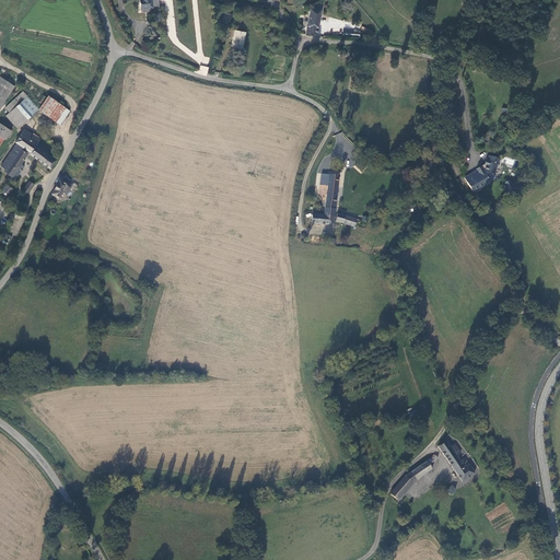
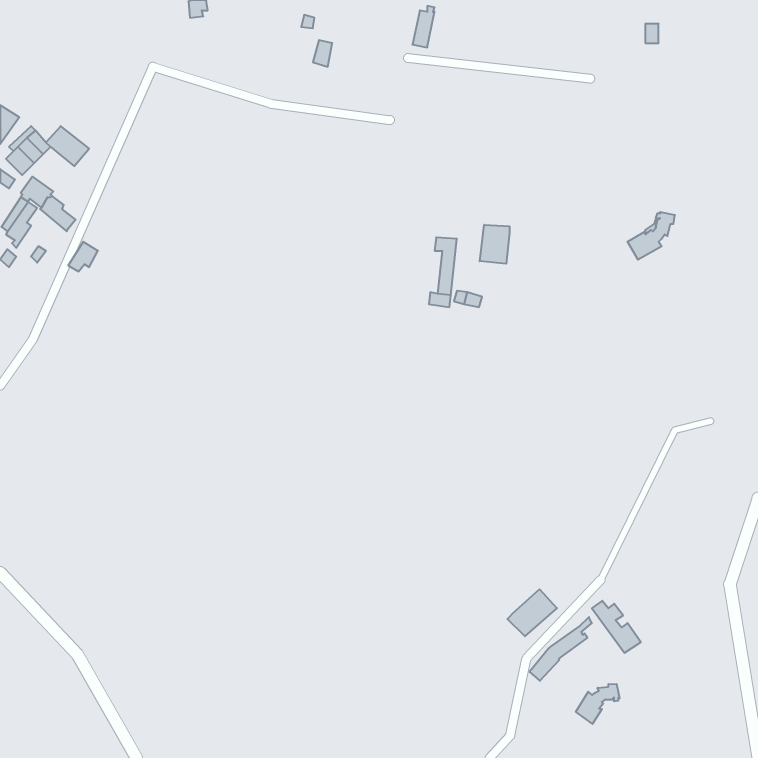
building: none -> [480,225,510,264]
building: none -> [507,589,557,636]
building: none -> [576,684,620,724]

